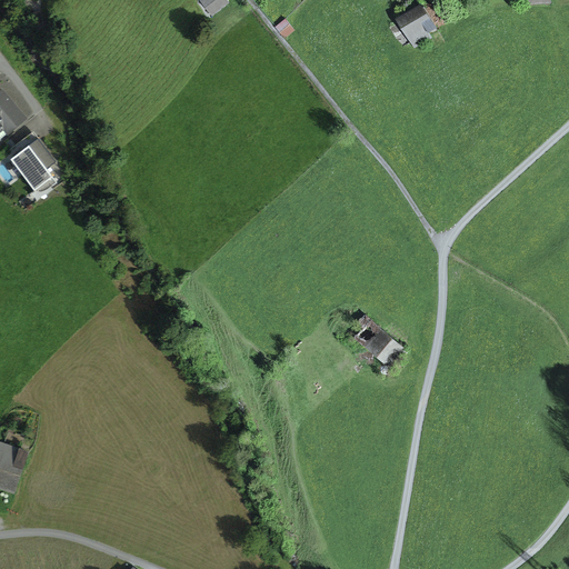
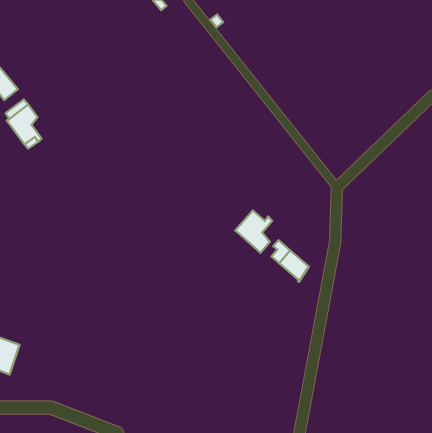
building: [399,6,433,46] -> none
building: none -> [235,210,272,253]

